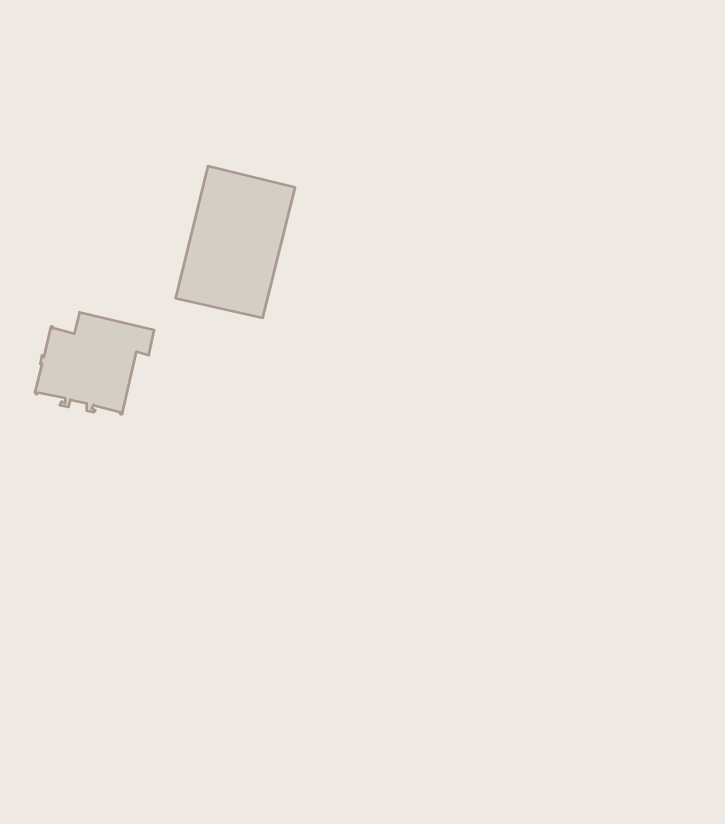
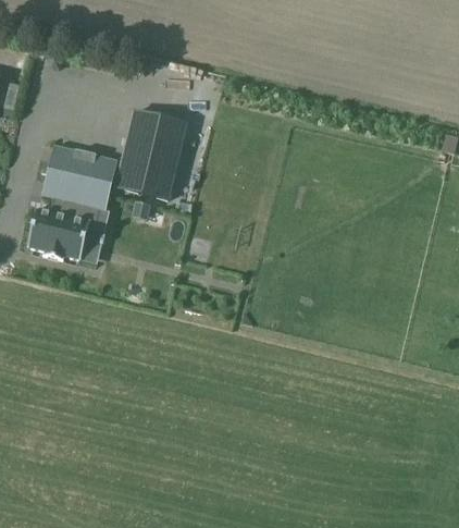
building: none -> [44,145,119,210]

